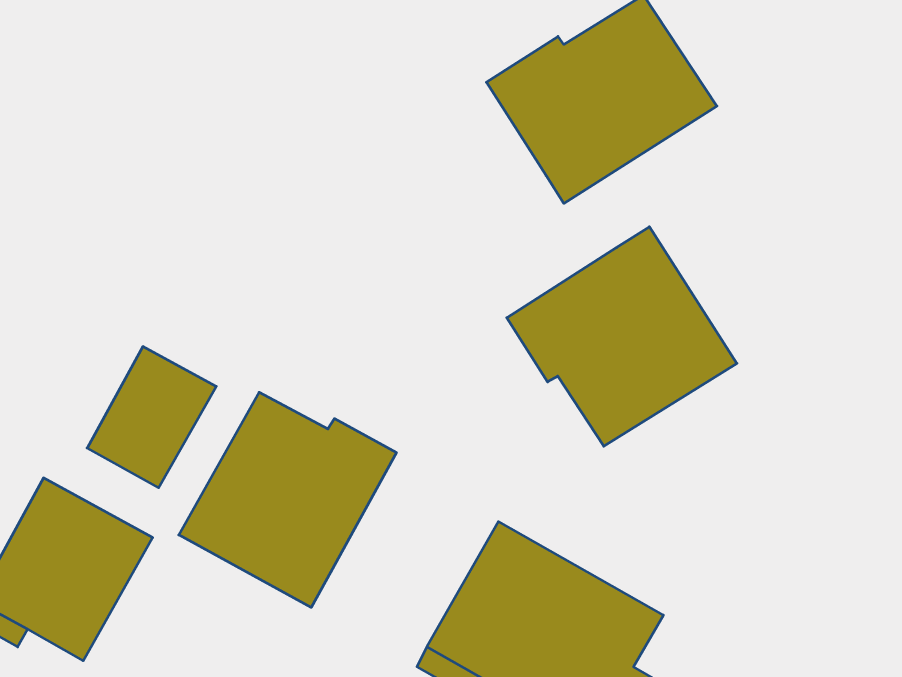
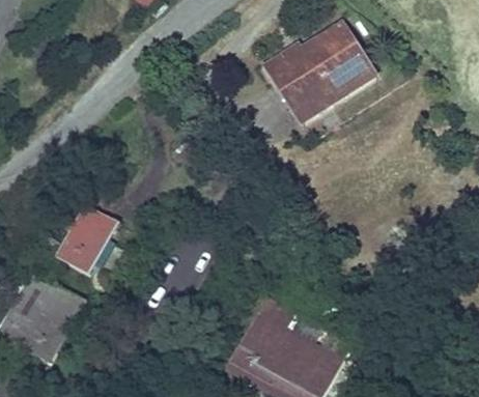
building: [507,227,737,446] -> none
building: [179,392,396,607] -> none

